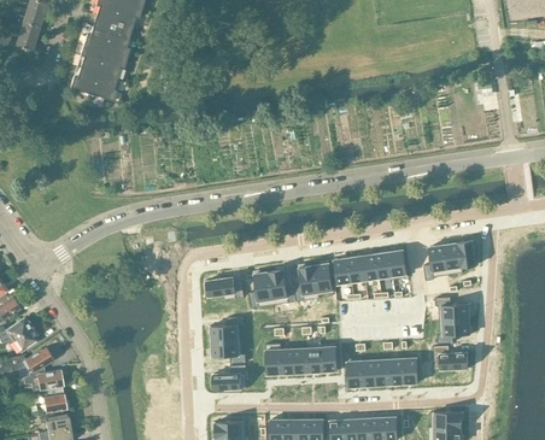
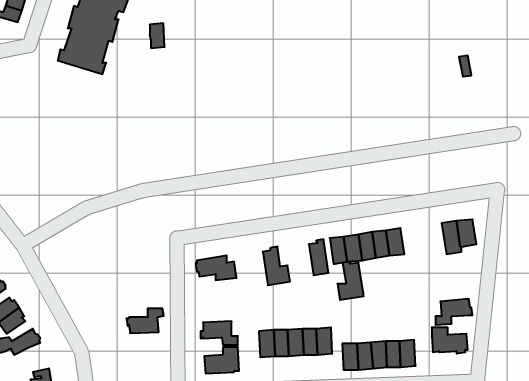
building: [423,245,447,281] -> none
building: [293,264,318,301] -> [337,261,364,300]
building: [248,270,274,307] -> none
building: [434,297,471,321] -> none
building: [207,317,244,341] -> [126,308,164,333]
building: [28,365,61,389] -> none

